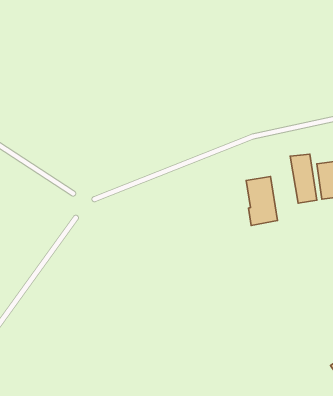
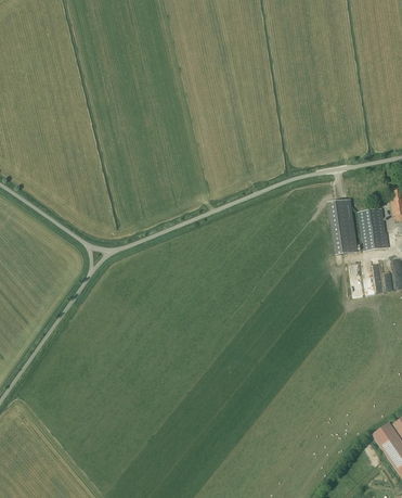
building: [246,176,277,225] -> none

